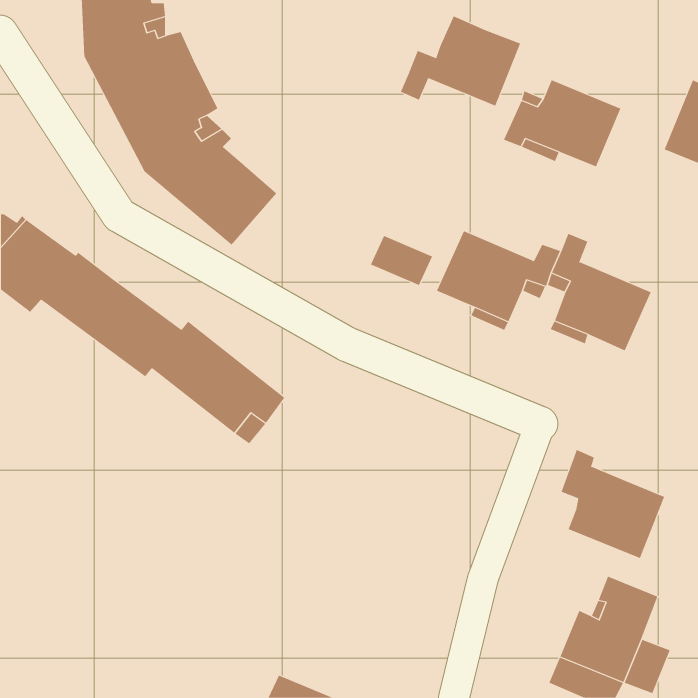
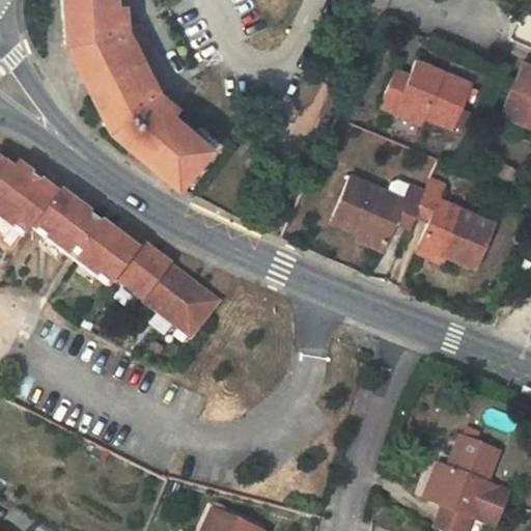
building: [400,16,521,107] -> none
building: [370,235,433,286] -> none
building: [561,449,665,559] -> none

